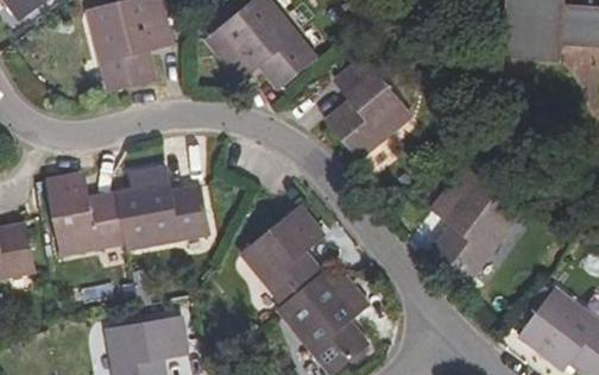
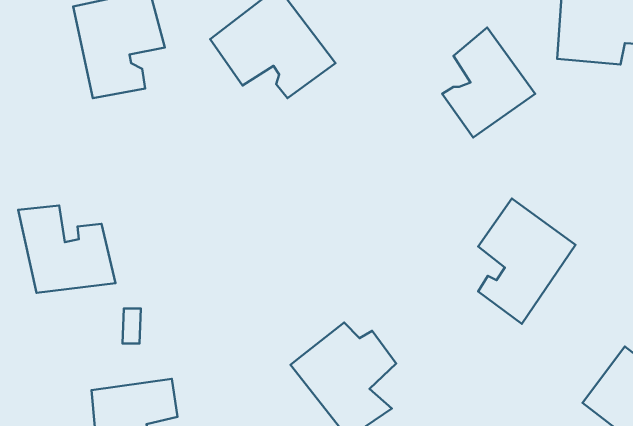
building: [332,61,410,154] -> [442,28,535,138]
building: [116,174,209,248] -> none
building: [242,213,321,306] -> none

